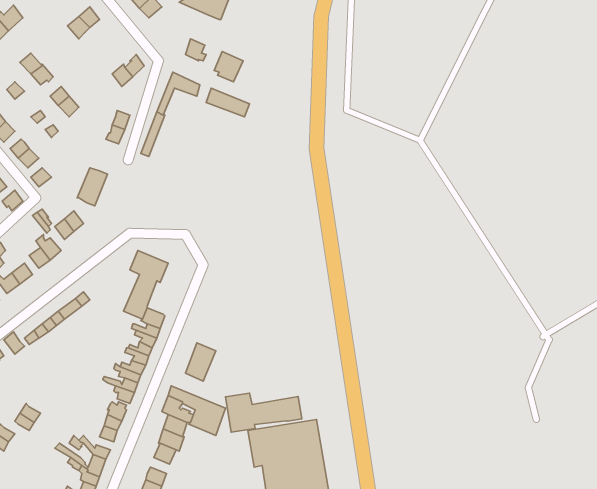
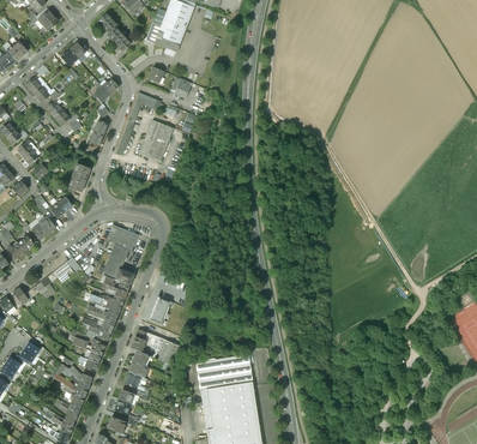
building: none -> [139,119,173,161]
building: [225,393,302,432] -> none

